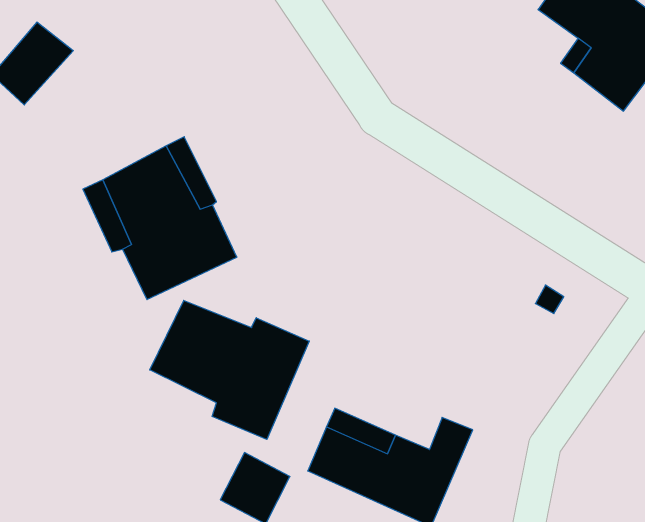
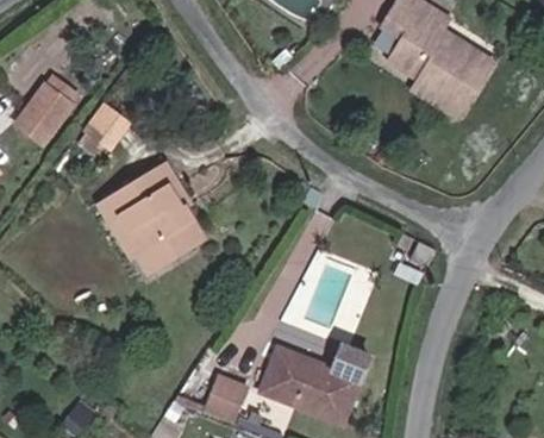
building: none -> [80,109,130,161]
building: [150,300,309,439] -> none

